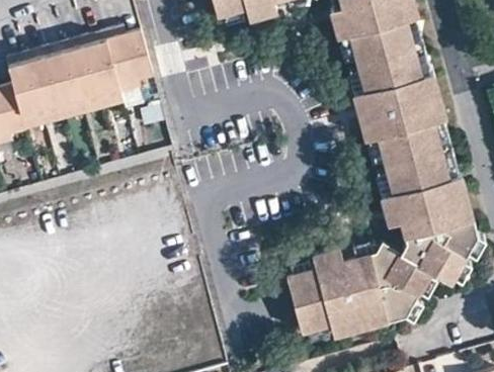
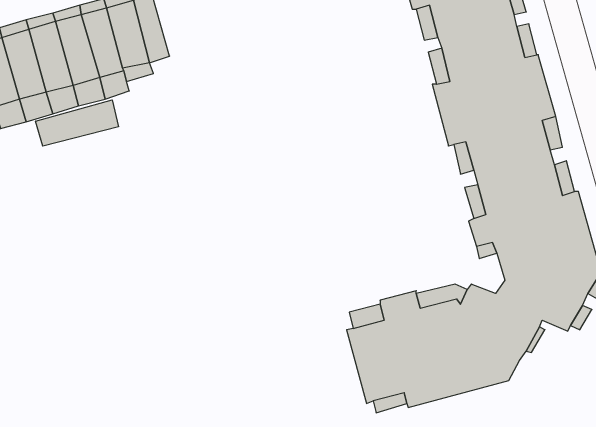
building: none -> [36,100,118,146]

